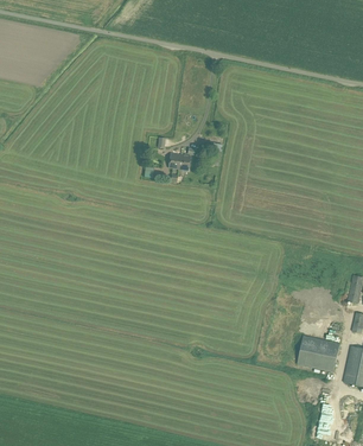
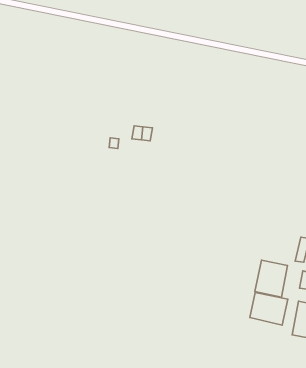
building: none -> [255,260,287,297]

